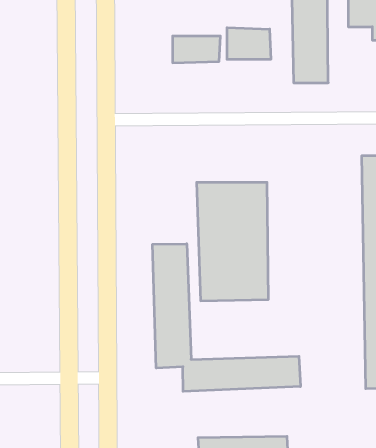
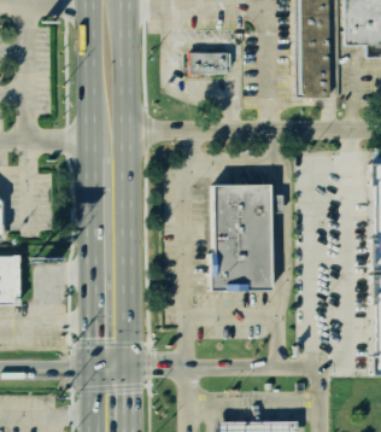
building: [227,28,271,59] -> none
building: [153,244,300,391] -> none

